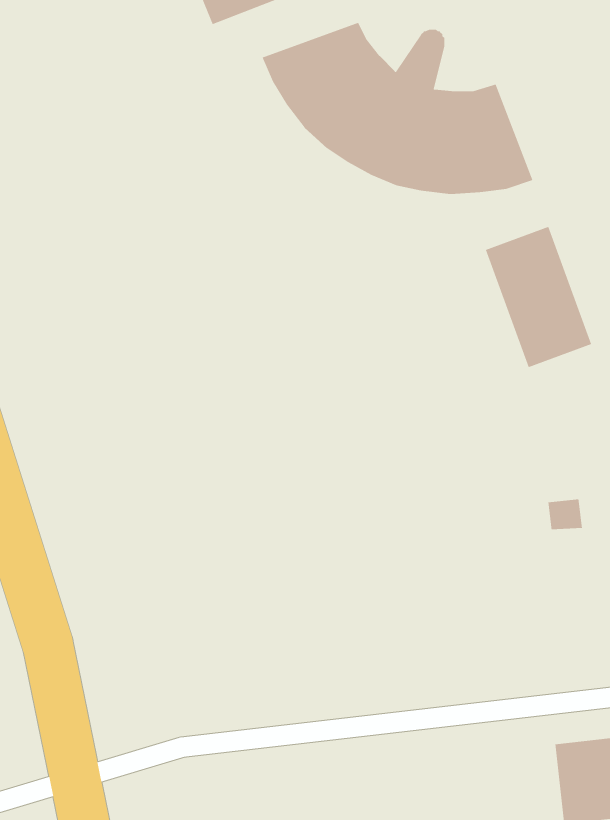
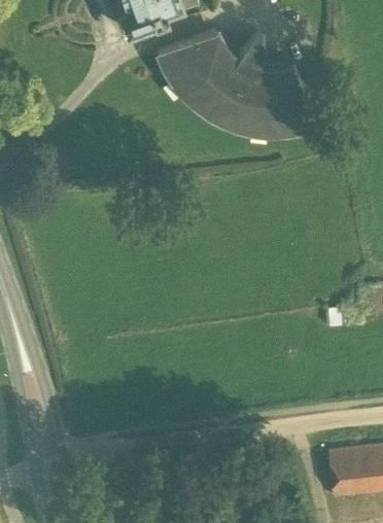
building: [485,226,592,368] -> none

